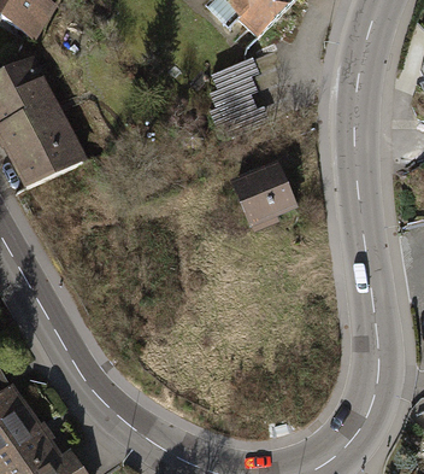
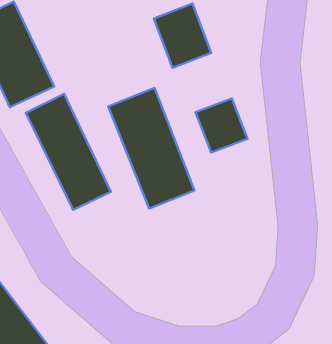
building: none -> [108,88,195,208]
building: none -> [26,94,111,210]

